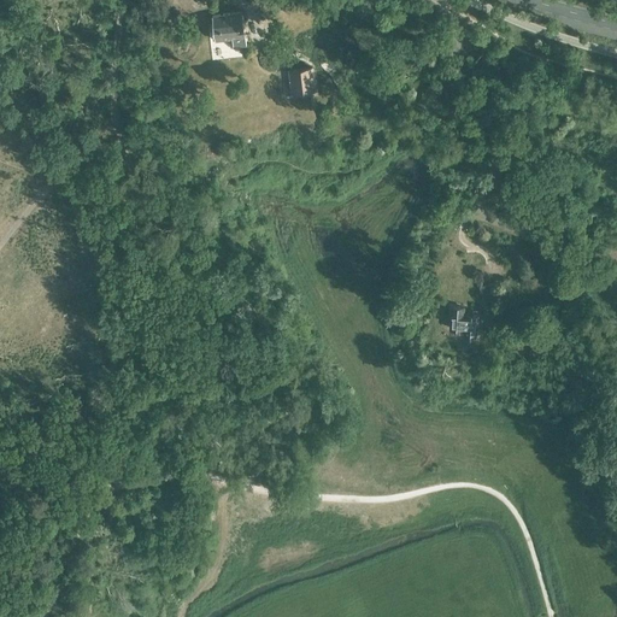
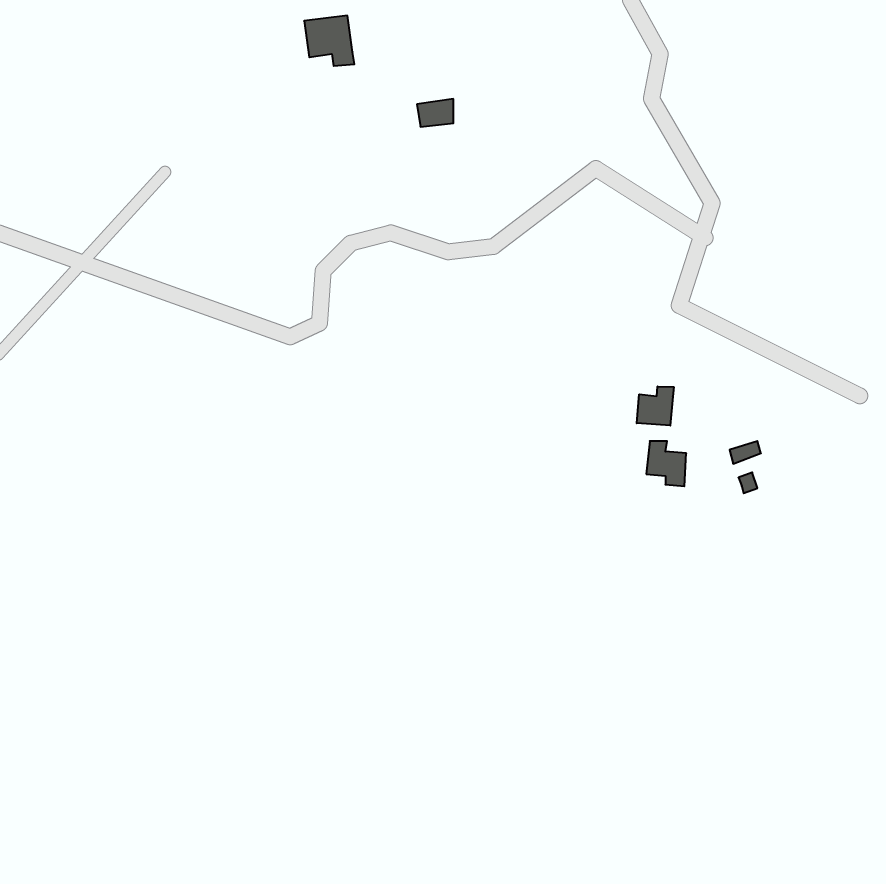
building: none -> [637,386,674,426]

